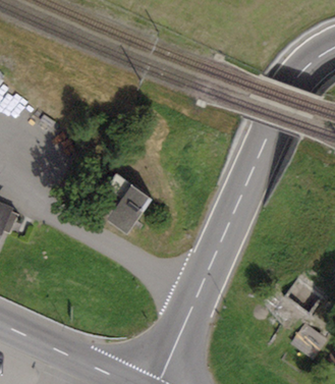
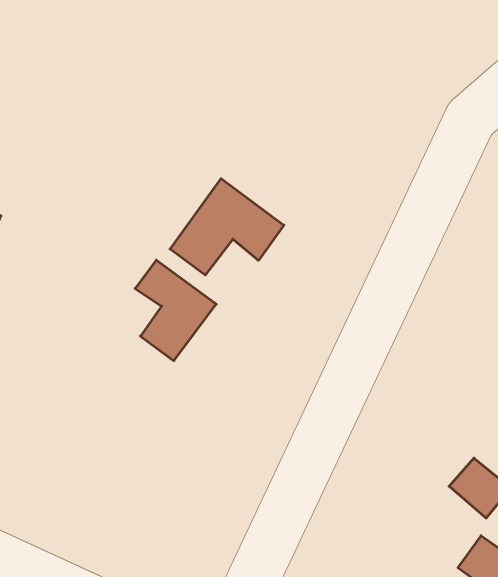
building: none -> [170,179,284,275]

